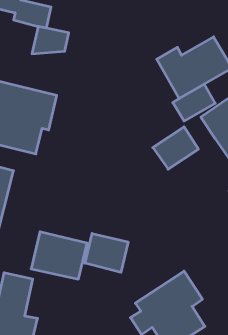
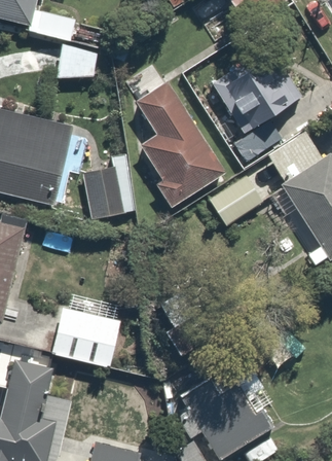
building: none -> [127,64,224,205]
building: none -> [78,159,135,218]
building: [85,233,128,272] -> none

